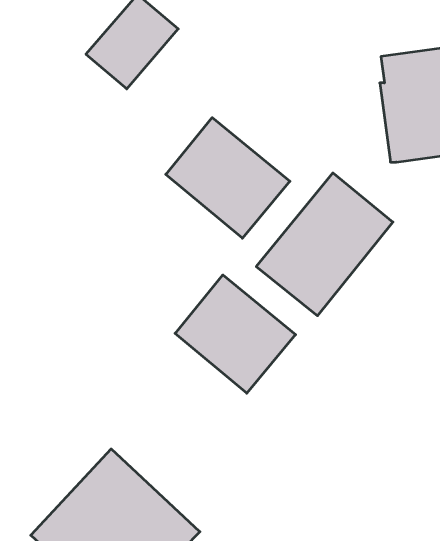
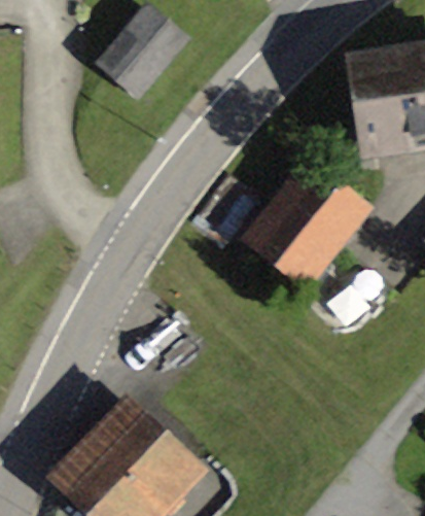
building: [166,118,290,238] -> none
building: [175,275,296,393] -> none

